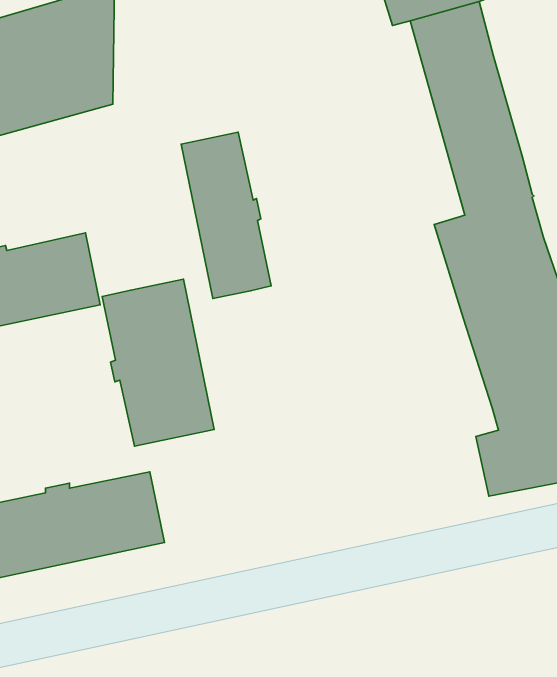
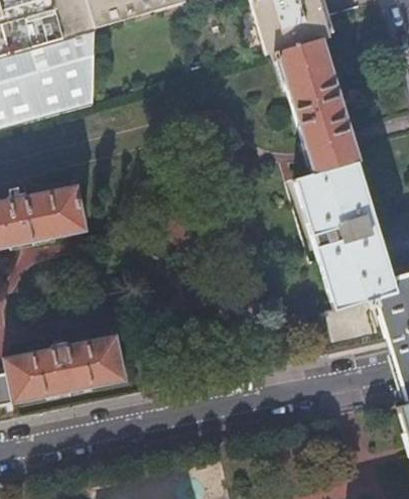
building: [181,132,271,299] -> none
building: [102,279,214,446] -> none

